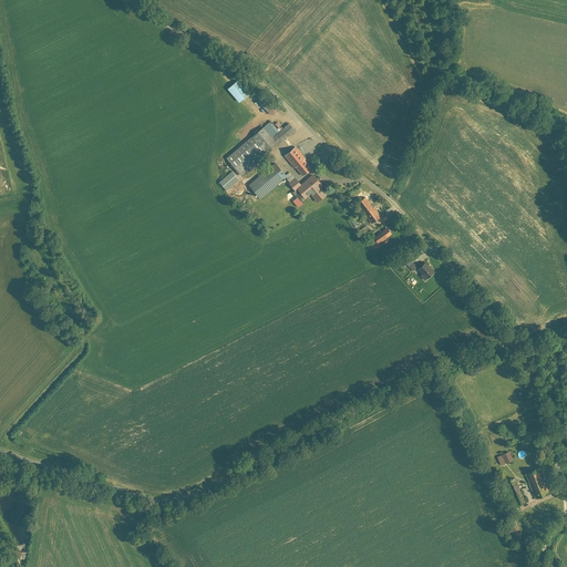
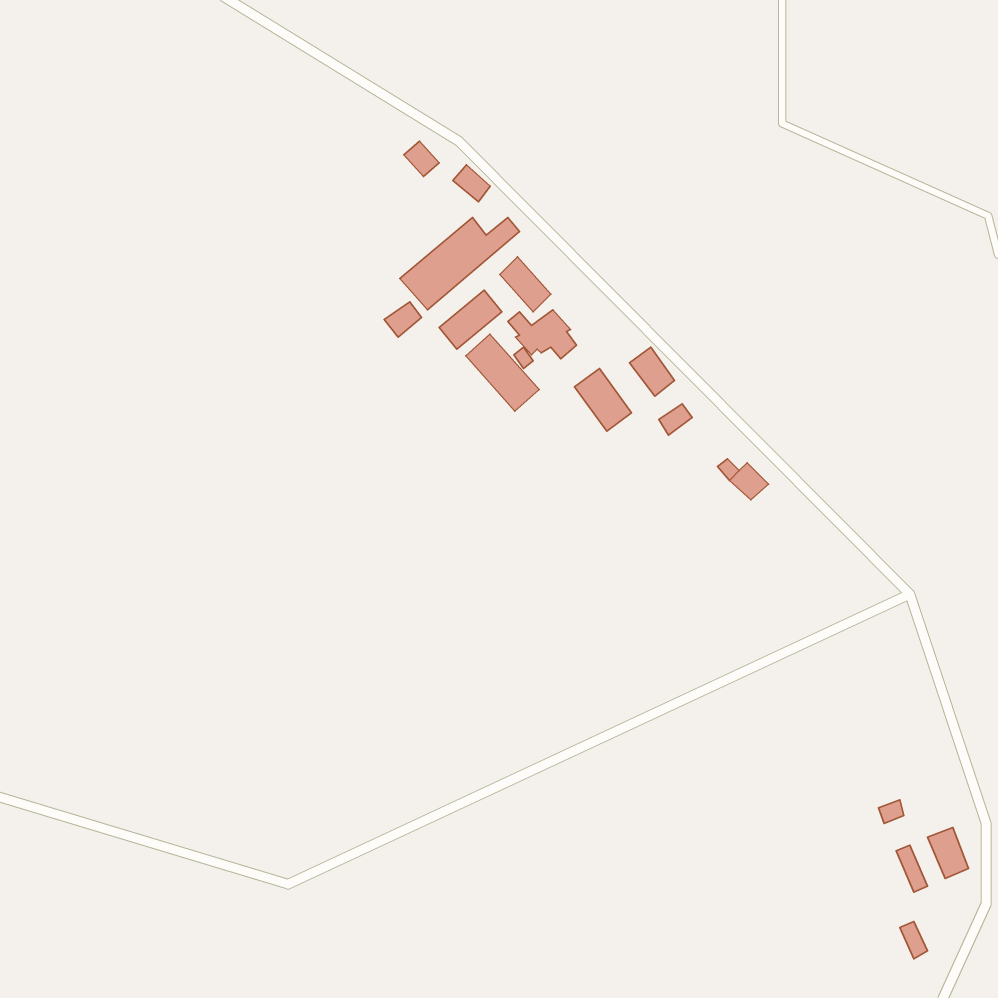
building: none -> [466,334,539,411]
building: none -> [575,369,632,431]

